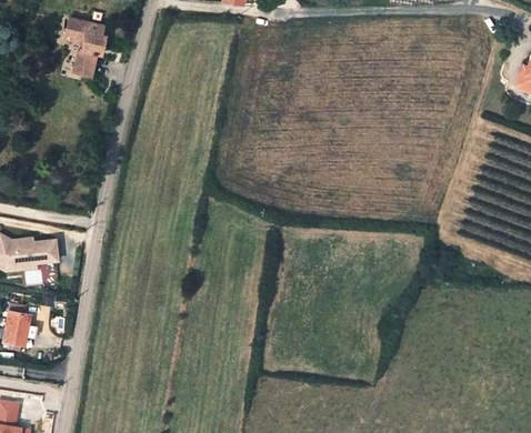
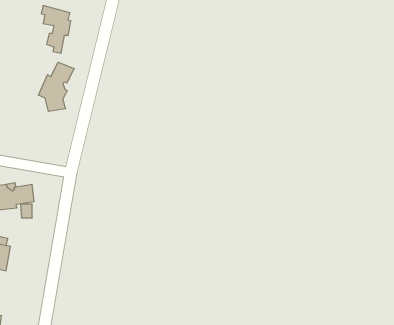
building: none -> [38,62,74,111]

